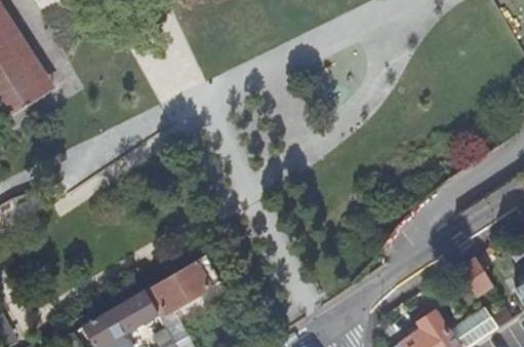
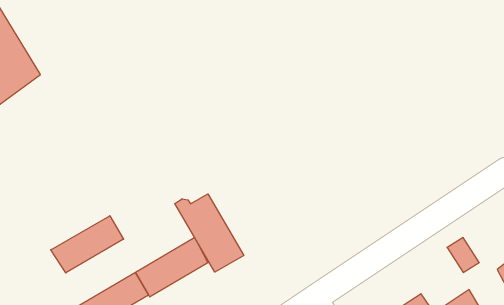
building: none -> [175,194,244,272]
building: none -> [51,216,124,273]

